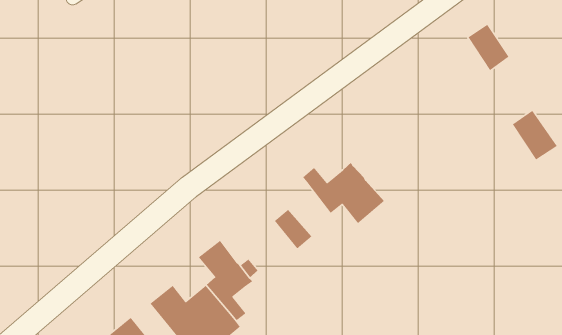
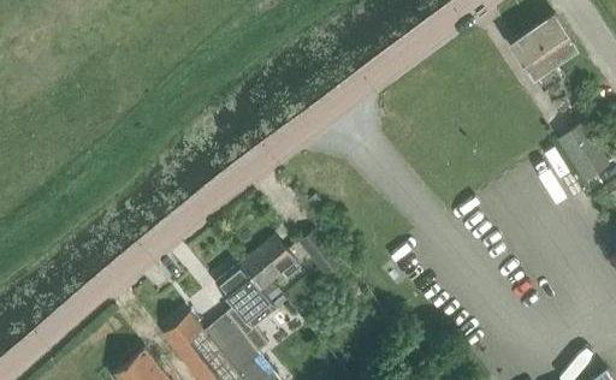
building: none -> [533,16,580,66]
building: [302,162,385,224] -> none
building: none -> [241,238,300,291]

